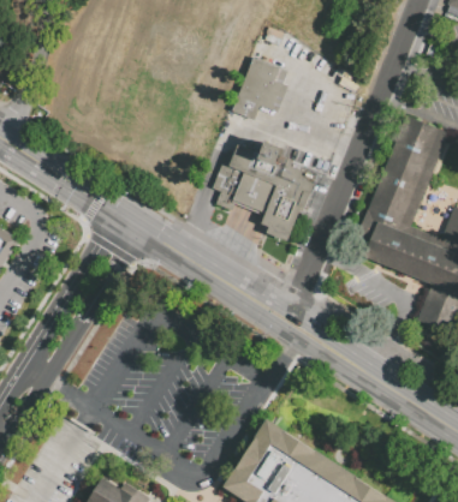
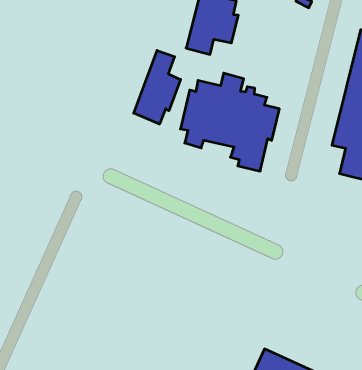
building: none -> [134,50,181,124]

